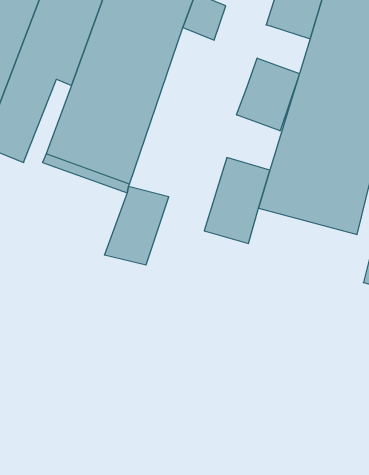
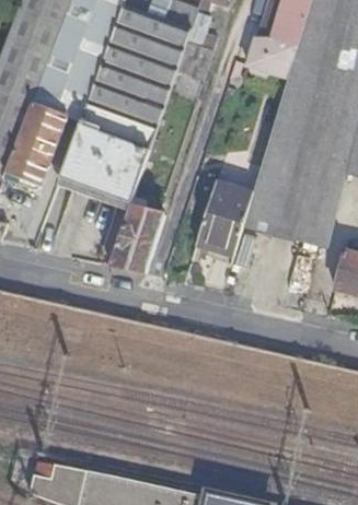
building: [237,58,300,131] -> none

